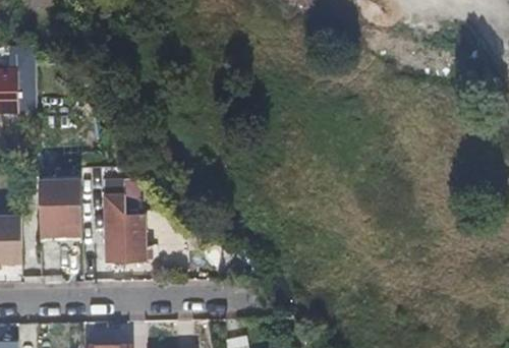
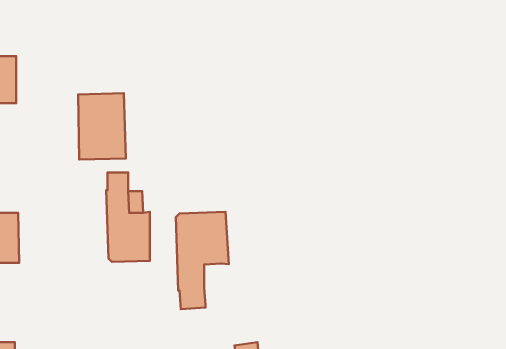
building: [32,180,76,242] -> [78,93,126,160]
building: none -> [176,212,229,309]

